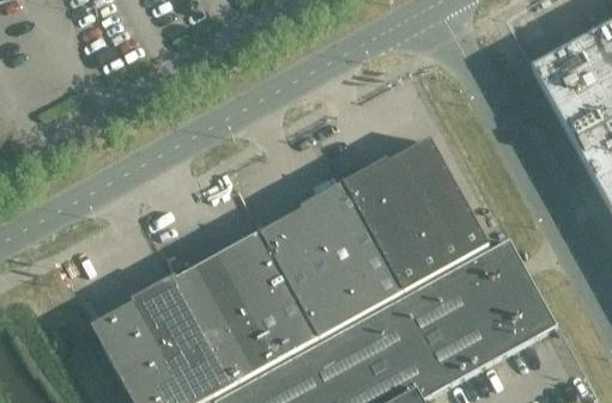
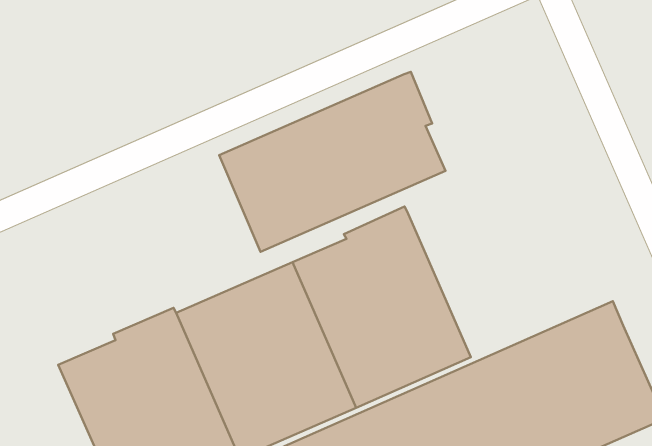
building: none -> [219,72,446,252]
building: [344,138,489,289] -> none

